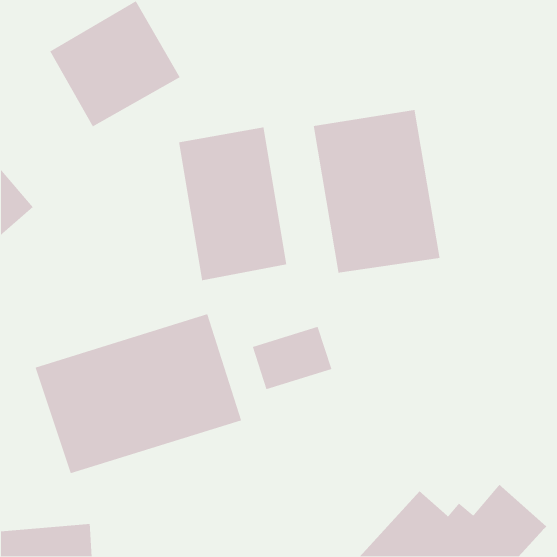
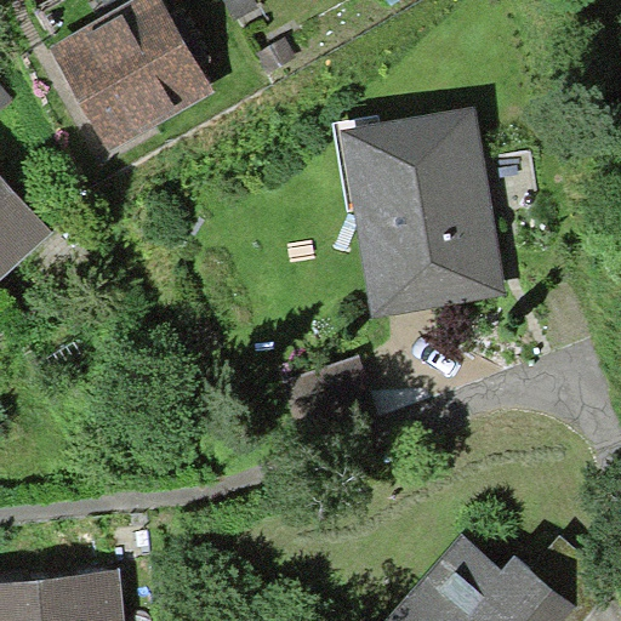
building: [178,127,287,281] -> none
building: [35,313,242,474] -> none

